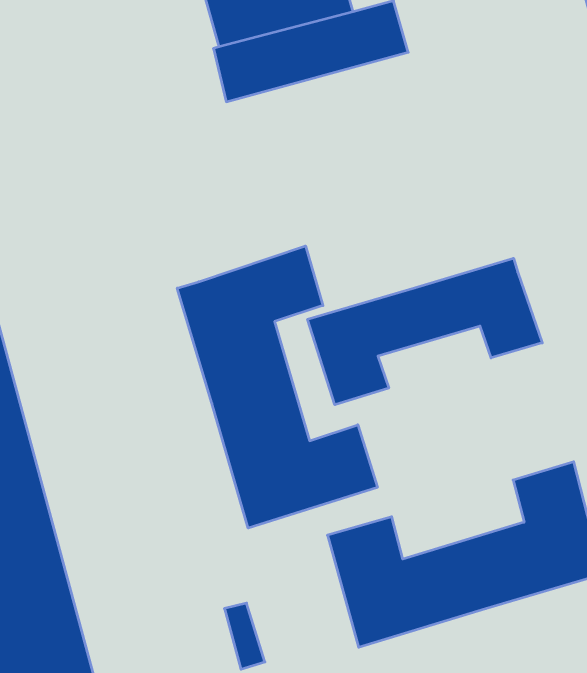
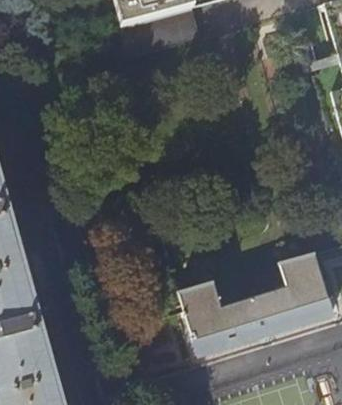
building: [177,246,377,528] -> none
building: [308,258,542,405] -> none

